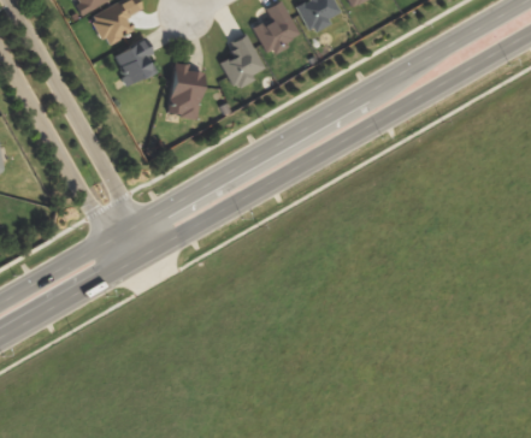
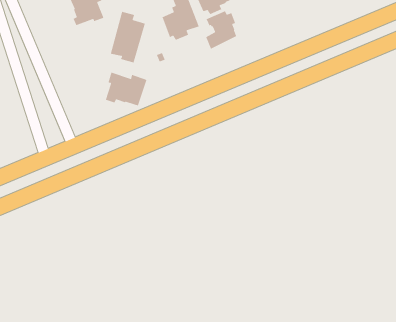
building: none -> [205,10,237,50]
building: none -> [105,72,147,106]

